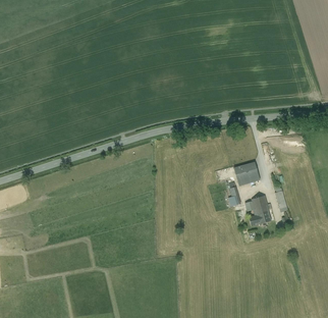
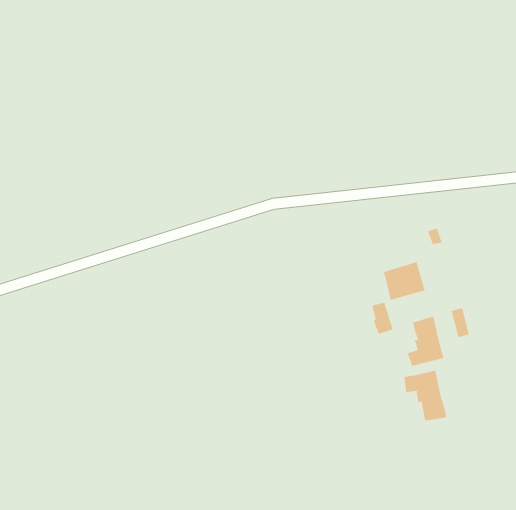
building: none -> [404,370,447,422]

